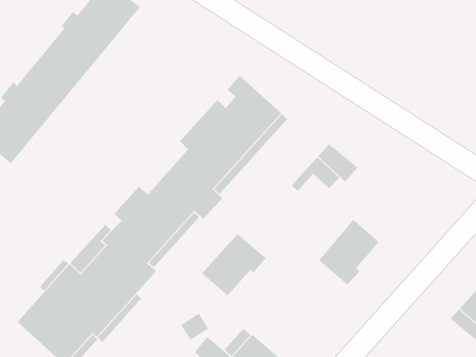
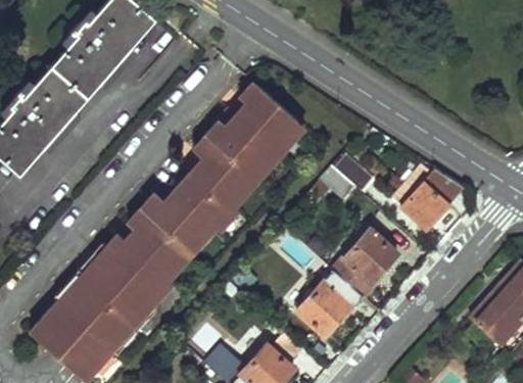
building: none -> [393,167,466,229]
building: [201,233,267,297] -> [297,272,364,336]

